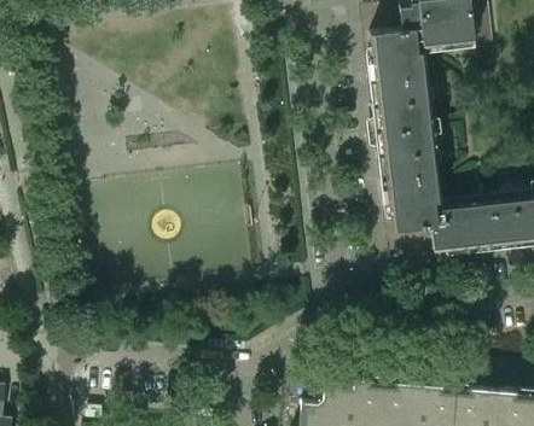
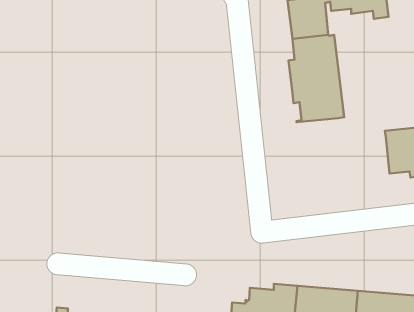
building: [382,177,495,252] -> none

